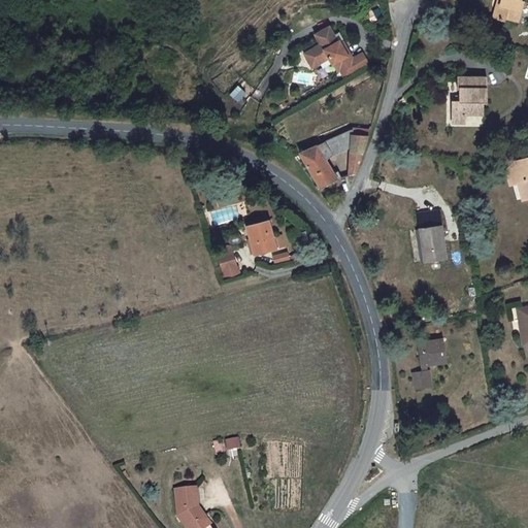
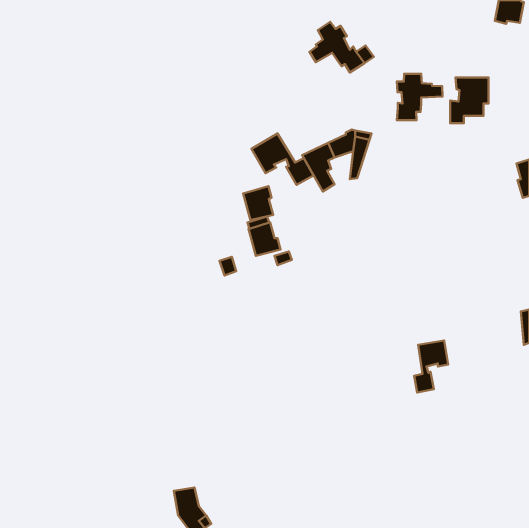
building: none -> [397,74,443,120]
building: none -> [251,133,314,185]
building: none -> [243,186,273,220]
building: [416,212,443,262] -> none

